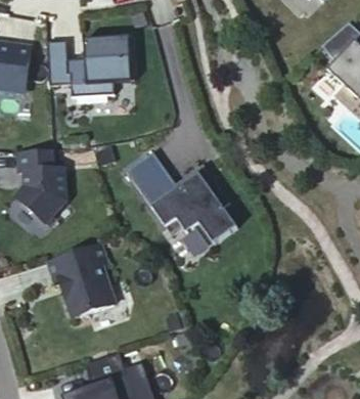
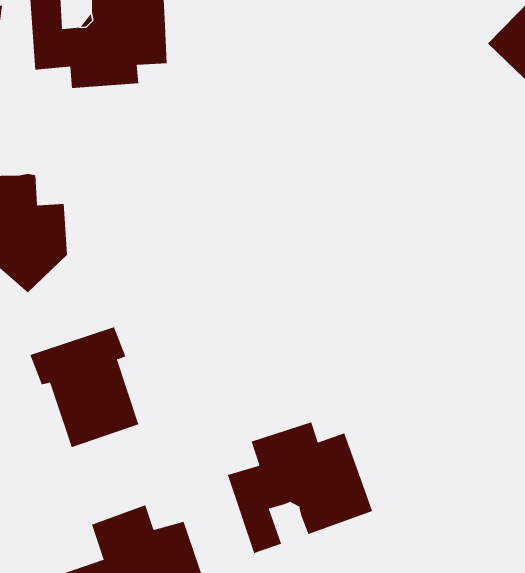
building: [125,150,236,243] -> none
building: none -> [227,421,373,554]

